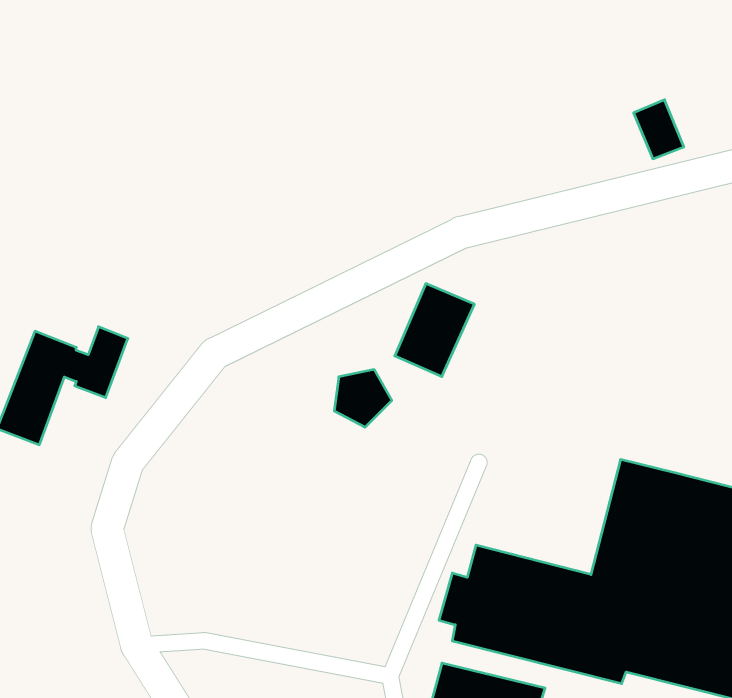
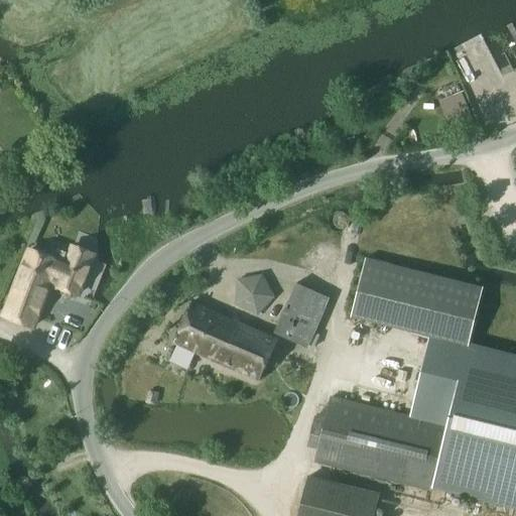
building: [395,284,474,377] -> [274,282,329,346]
building: none -> [351,257,483,346]
building: none -> [174,303,276,380]

